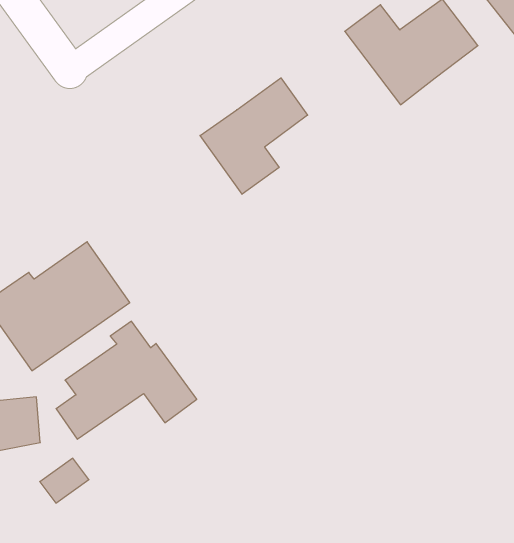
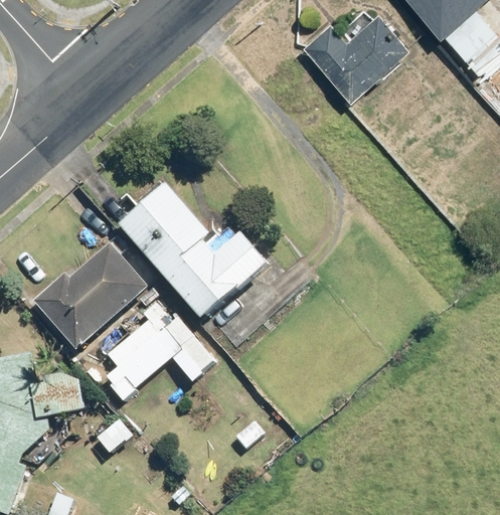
building: [200,78,308,194] -> none
building: none -> [115,181,272,323]

